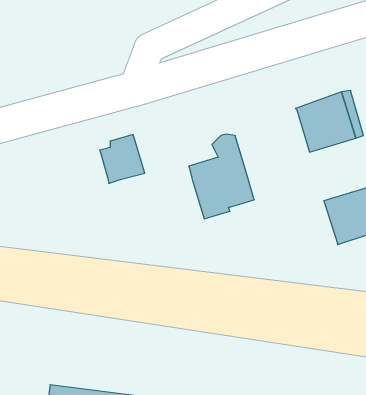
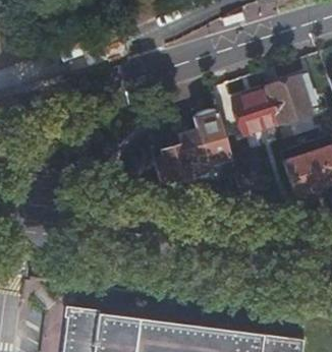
building: none -> [235,92,274,135]
building: [100,135,145,183] -> [155,148,190,186]

